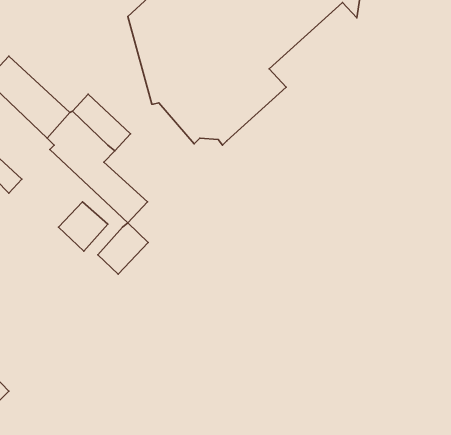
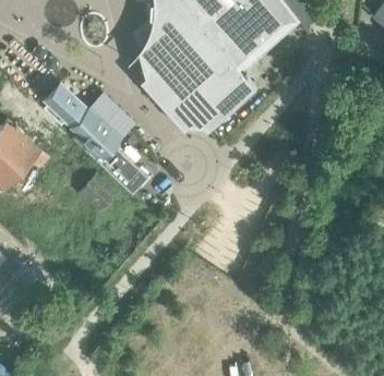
building: [98,223,148,274] -> none

